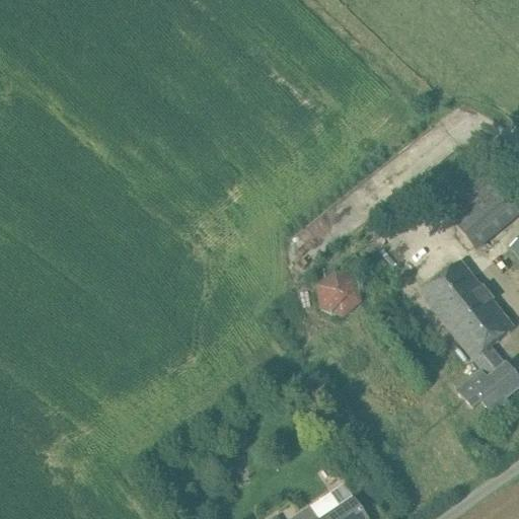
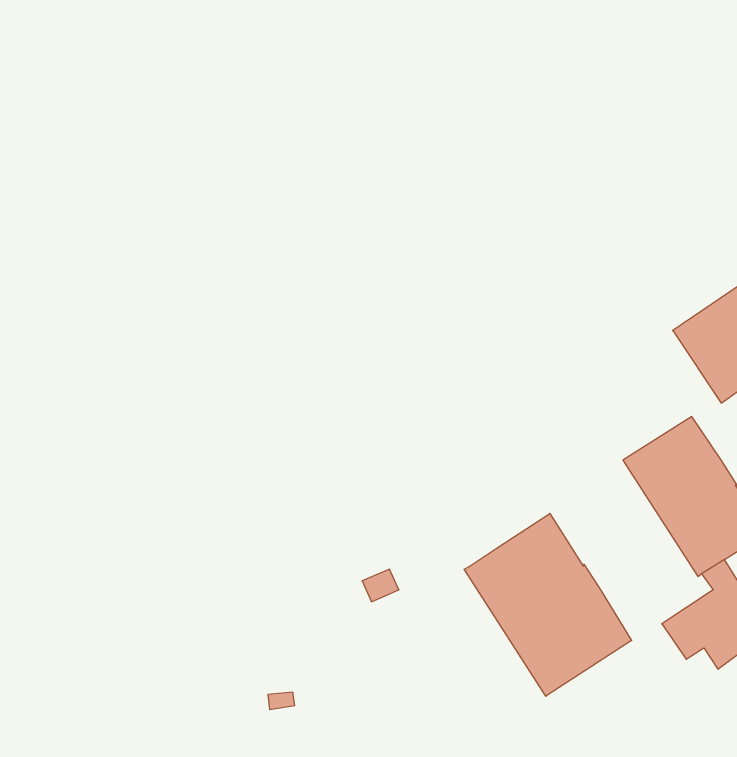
building: [316,269,362,316] -> none
building: none -> [464,513,632,696]

